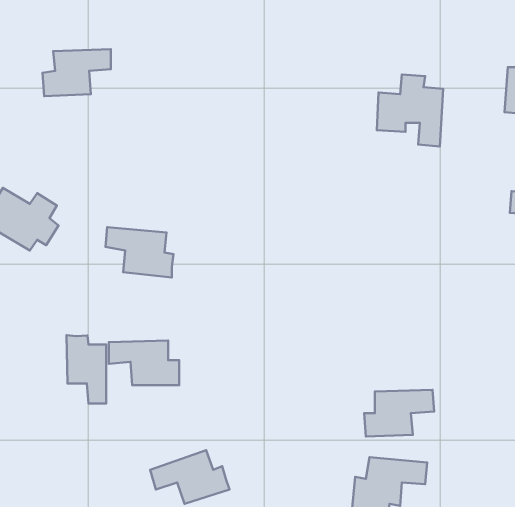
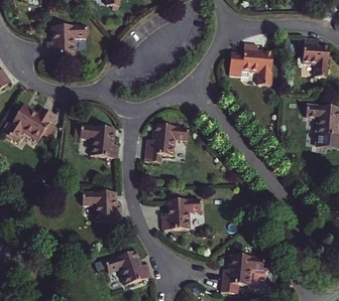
building: none -> [145,129,186,162]
building: [67,335,106,403] -> none
building: [364,390,434,437] -> [164,199,204,225]

